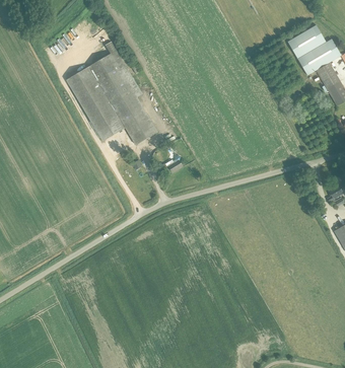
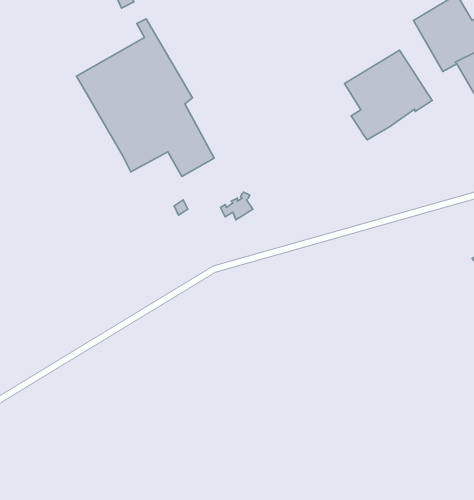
building: none -> [344,50,432,140]

